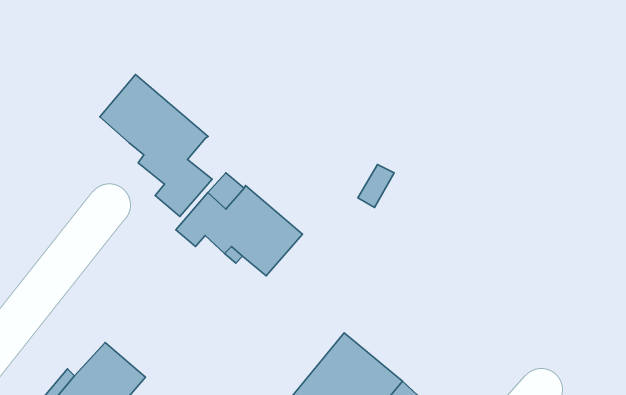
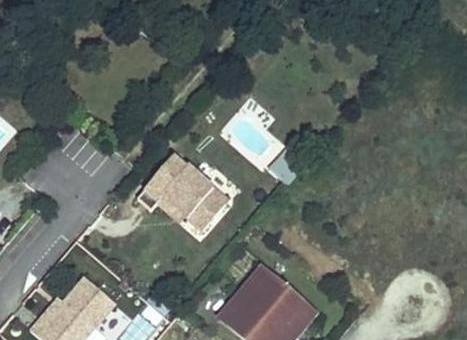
building: [100,75,212,217] -> none

